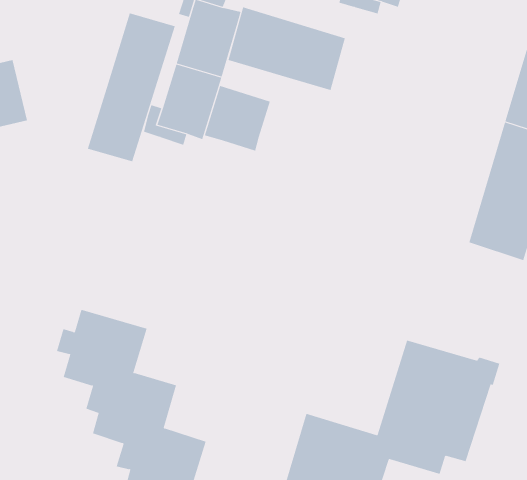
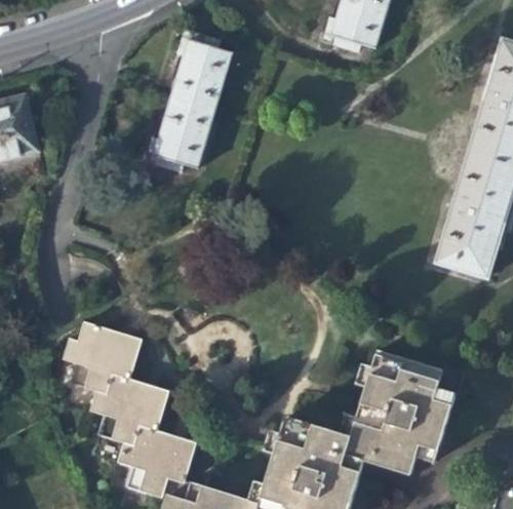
building: [228,7,346,91] -> none
building: [87,12,176,162] -> none
building: [204,85,271,152] -> none

